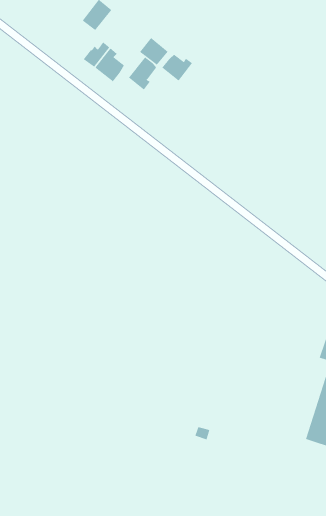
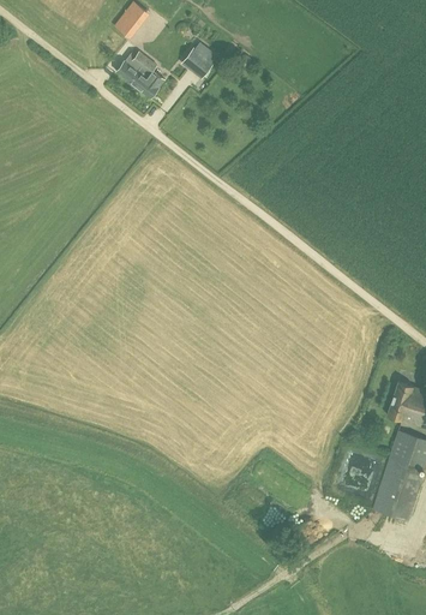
building: [161,54,193,81] -> none
building: [128,56,157,90] -> none

